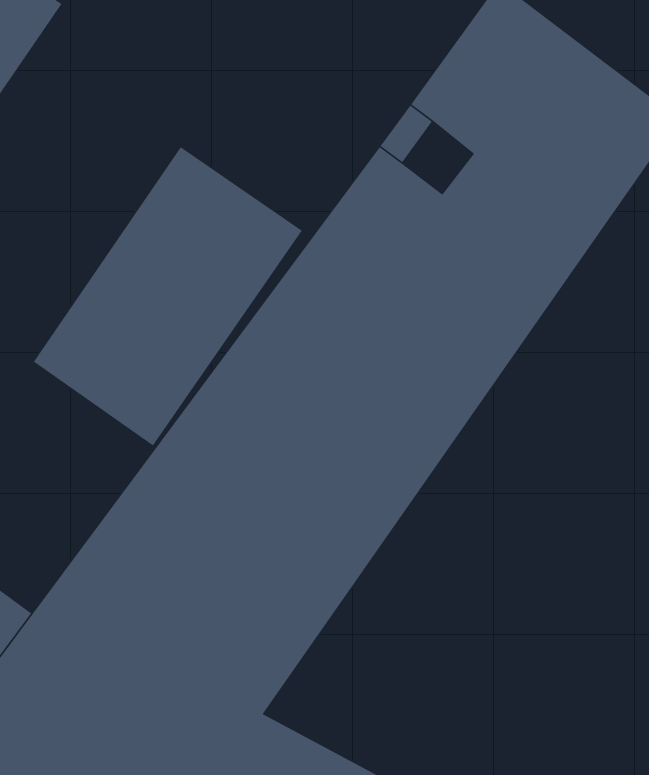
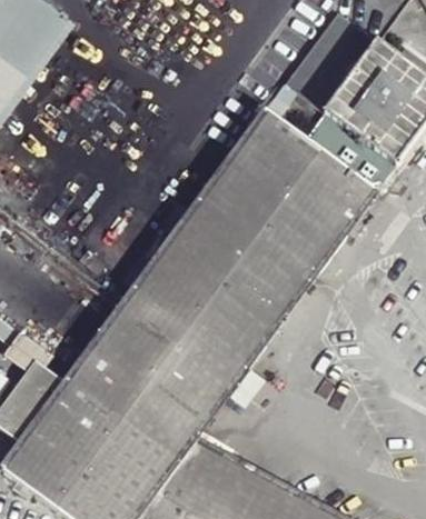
building: [33,146,303,447] -> none

